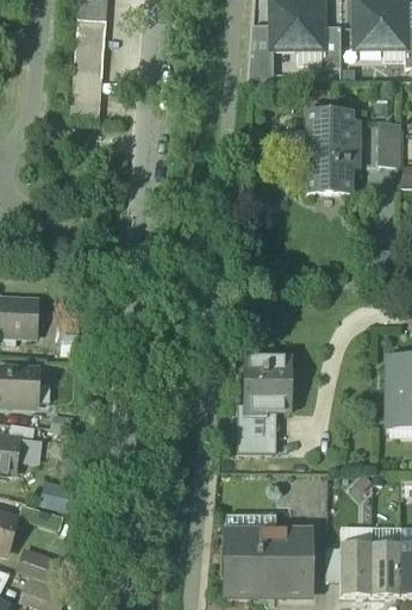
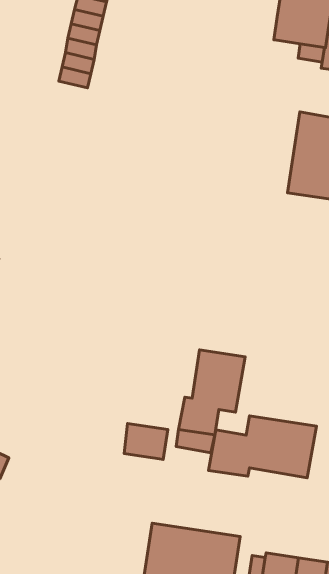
building: [249,24,274,79] -> none
building: none -> [209,416,316,478]
building: none -> [124,423,168,459]

